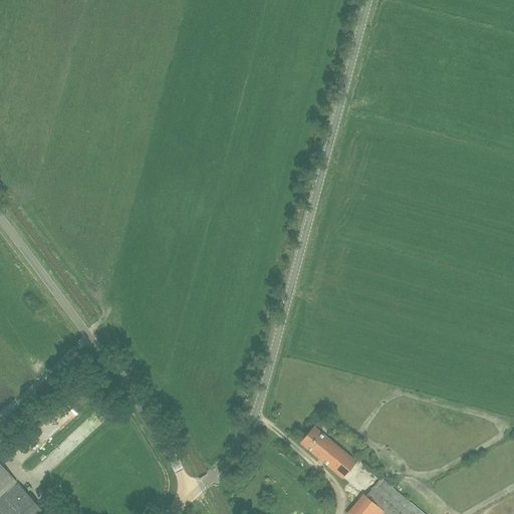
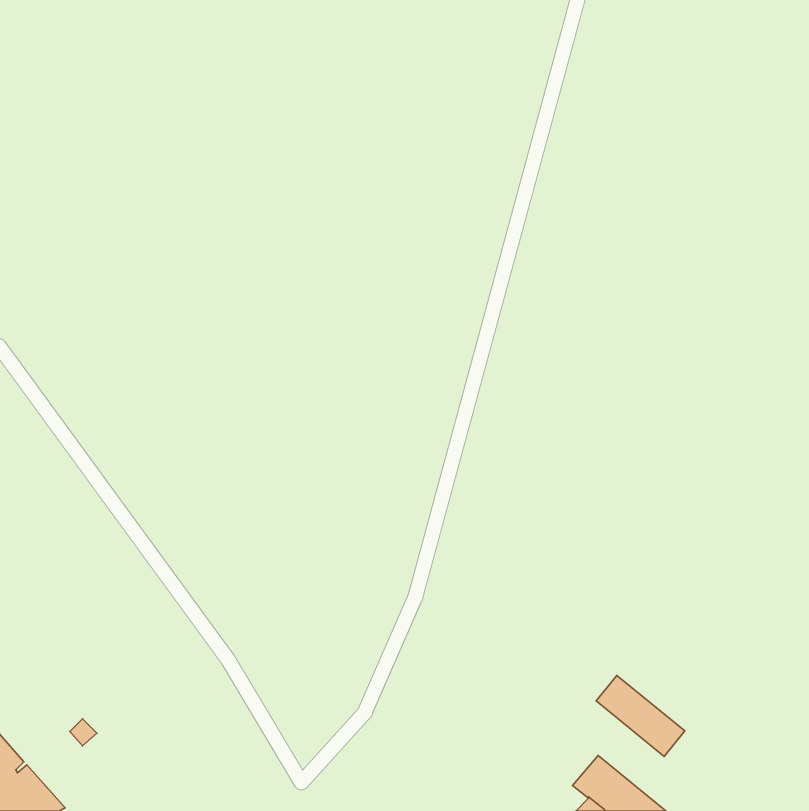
building: [299,428,355,479] -> [596,675,685,756]

